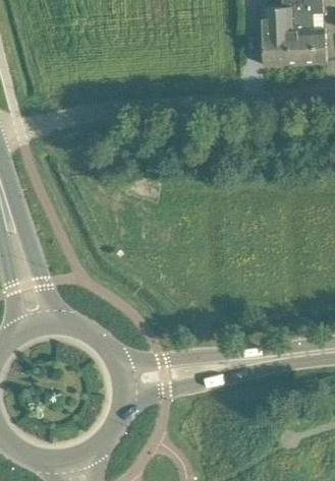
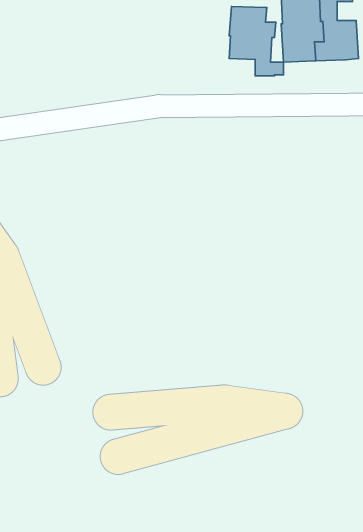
building: none -> [229,7,284,76]

